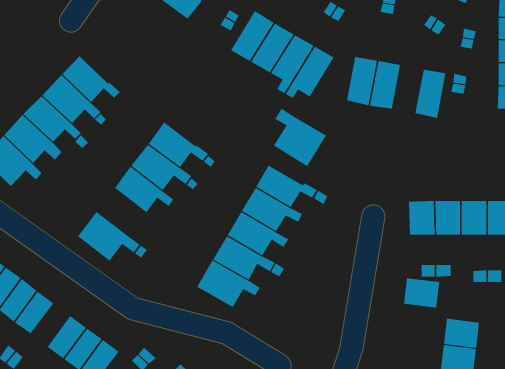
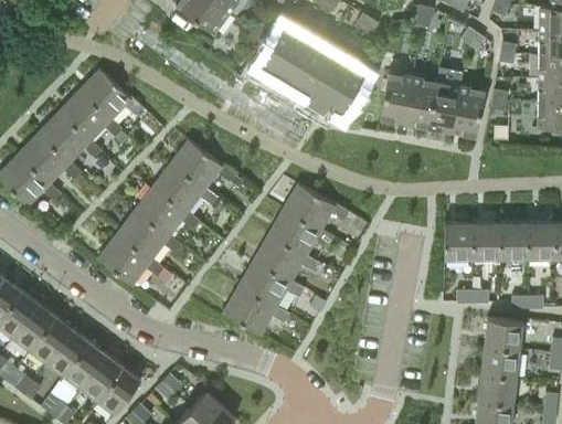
building: none -> [427,80,459,130]
building: [273,108,327,167] -> none
building: none -> [117,209,181,259]
building: [403,278,440,308] -> [484,318,522,350]
building: none -> [49,330,89,375]

